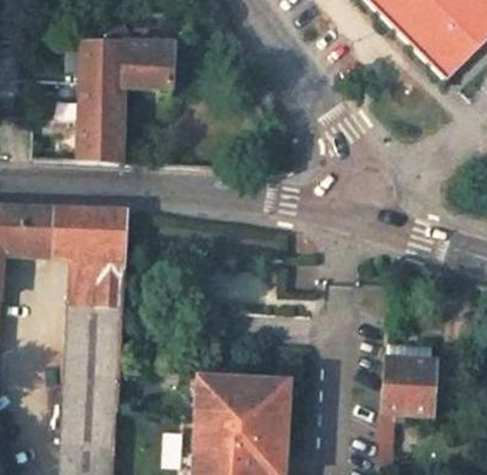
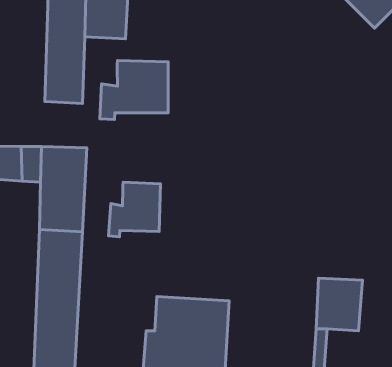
building: none -> [100,61,168,119]
building: none -> [109,182,160,237]

